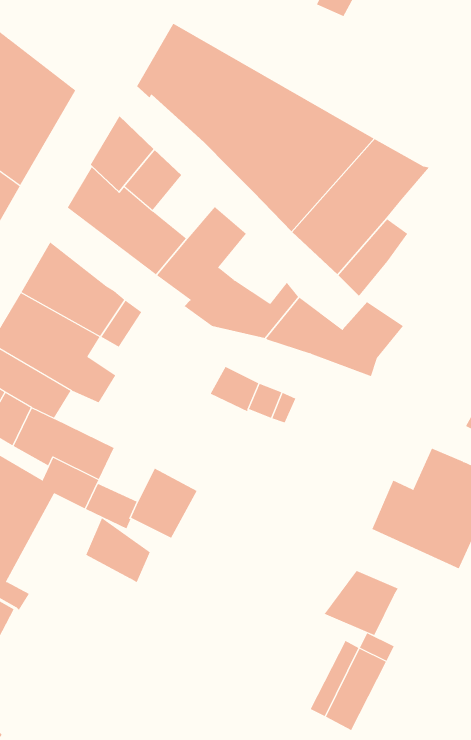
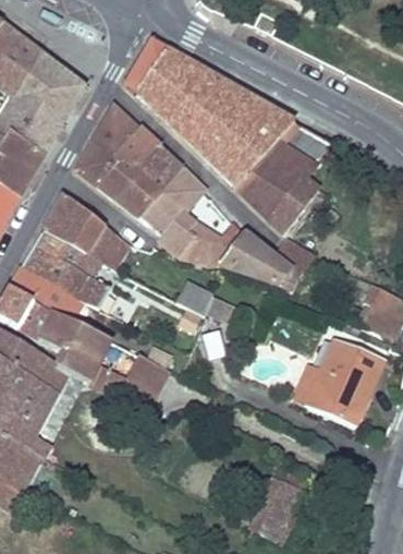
building: none -> [137,146,181,191]
building: [86,517,150,583] -> none
building: [324,570,398,636] -> none

